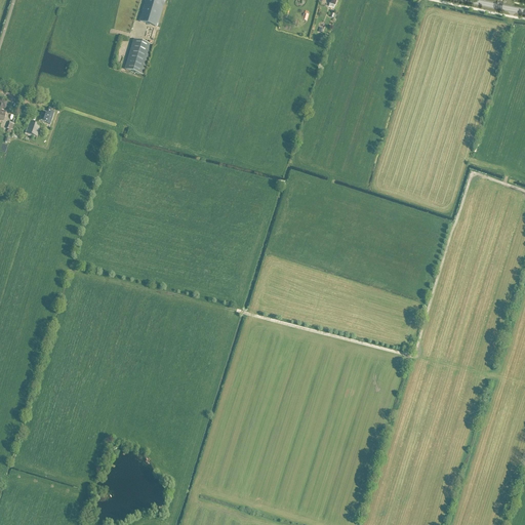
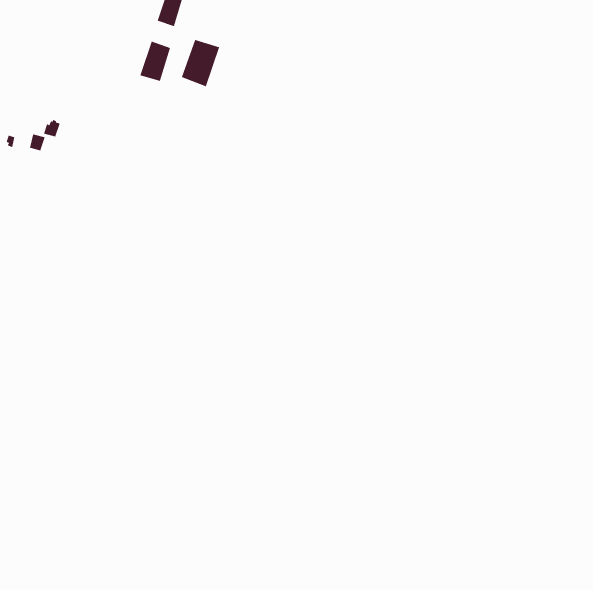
building: none -> [181,39,220,87]

